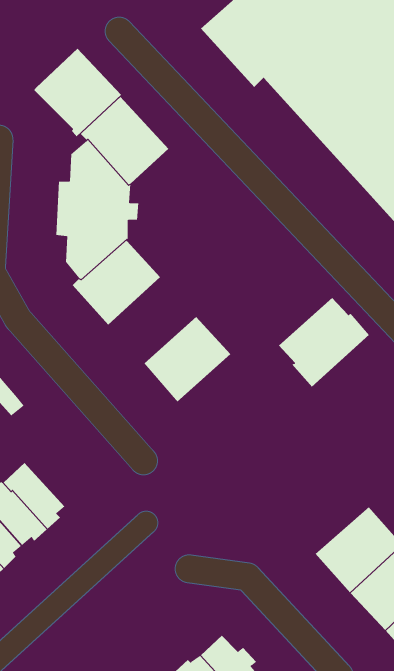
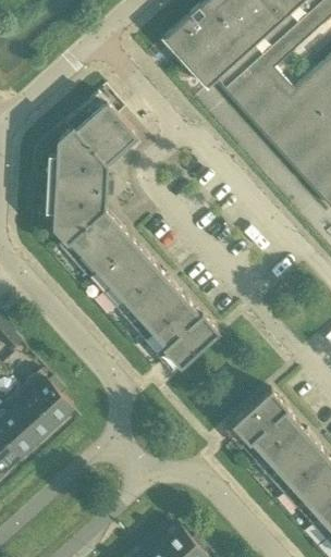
building: [34,48,122,137] -> none
building: none -> [88,237,159,307]
building: [278,297,370,388] -> [144,299,218,372]
building: none -> [21,370,72,422]
building: none -> [224,388,298,460]

